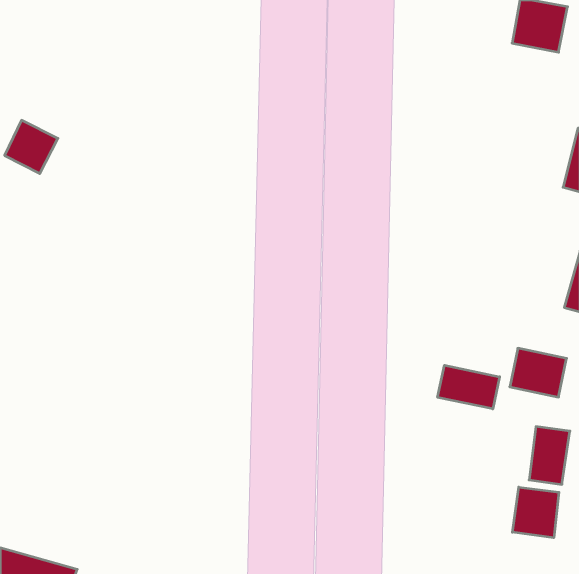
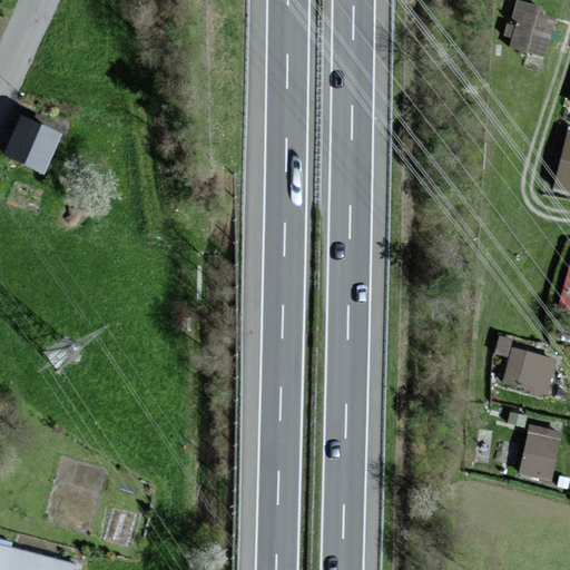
building: [438,365,500,409] -> none
building: [512,487,559,538] -> none

